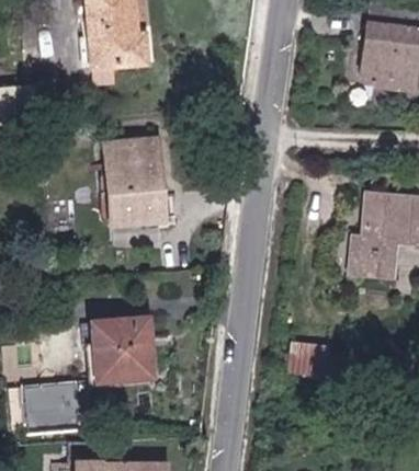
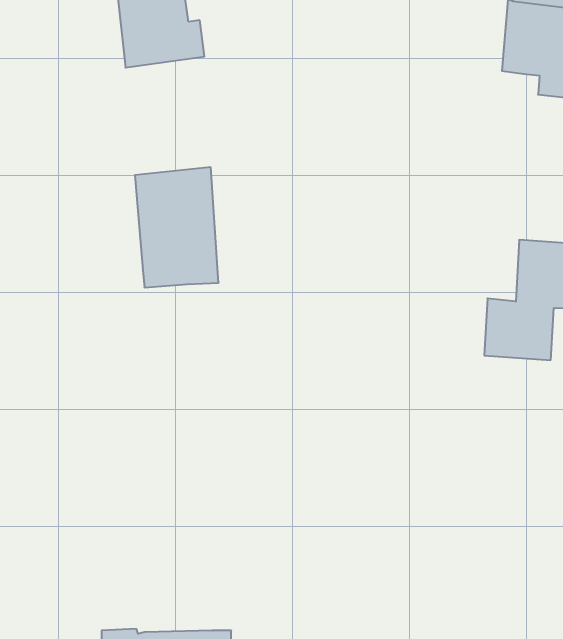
building: [90,317,152,381] -> none
building: [285,342,324,377] -> none
building: [22,383,79,434] -> none

